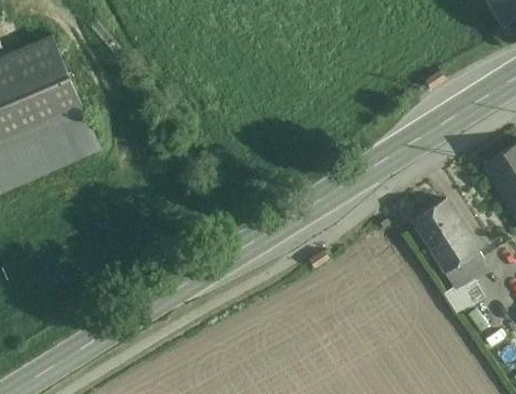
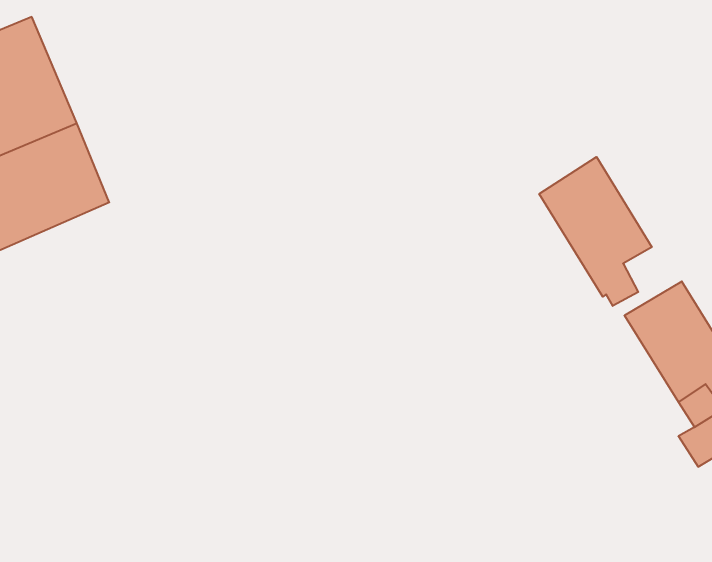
building: none -> [539,157,652,306]

